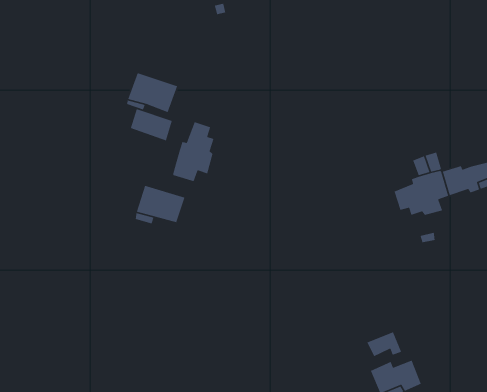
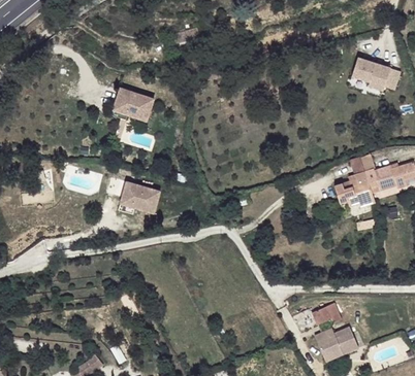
building: none -> [351,59,400,91]
building: [130,108,173,141] -> none
building: [172,121,215,182] -> none

